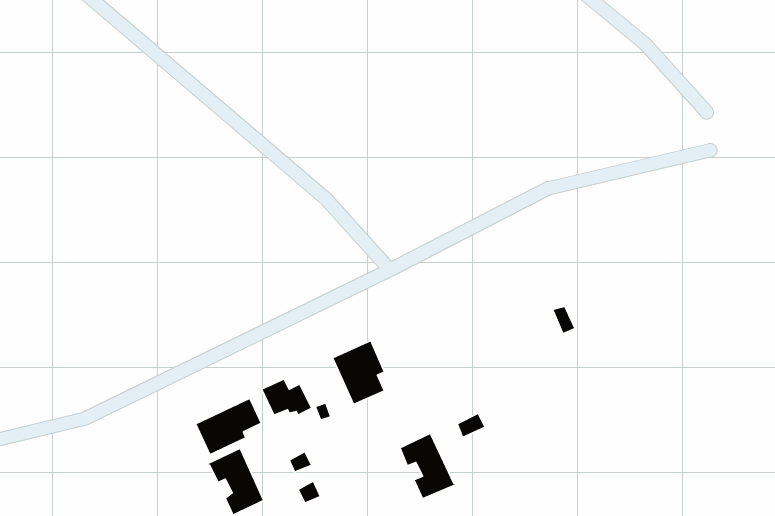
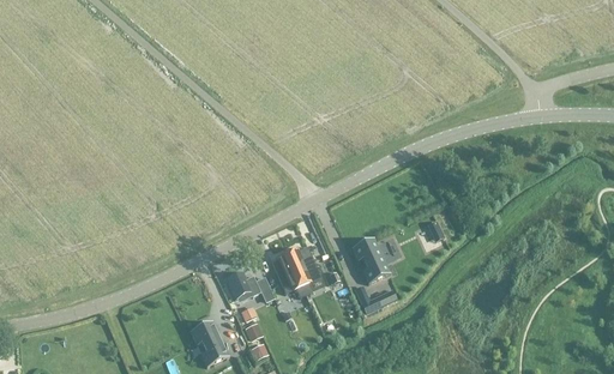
building: [196,398,262,455] -> none
building: [398,433,456,499] -> [351,236,391,282]

